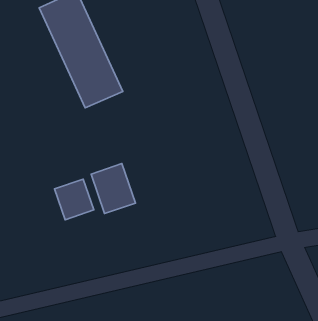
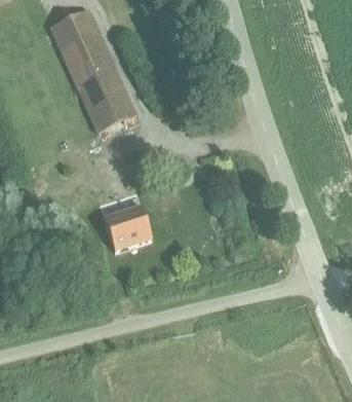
building: [54,179,94,220] -> none

